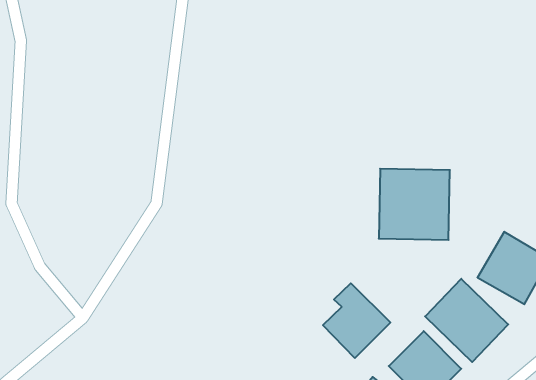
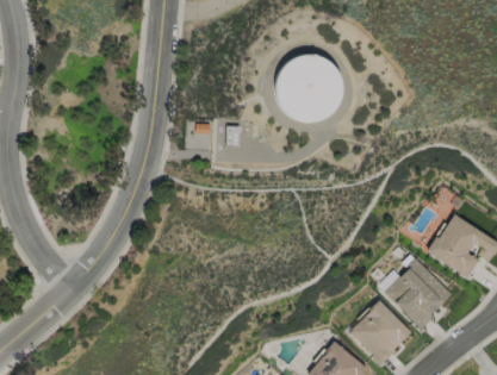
building: [379,169,450,240] -> [274,56,337,119]
building: [323,283,390,358] -> none

